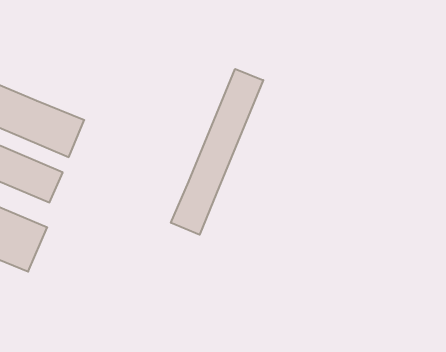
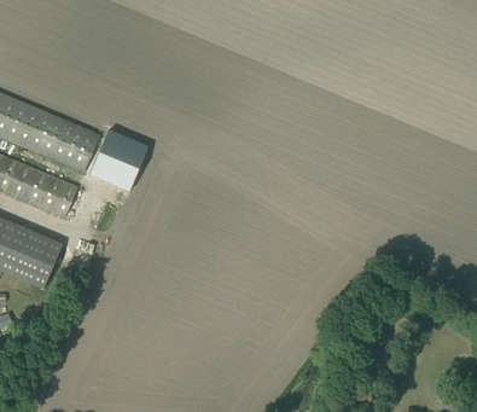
building: [171,69,263,235] -> none
building: none -> [88,129,147,191]

